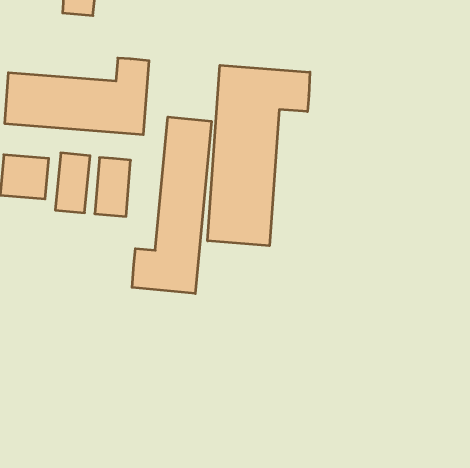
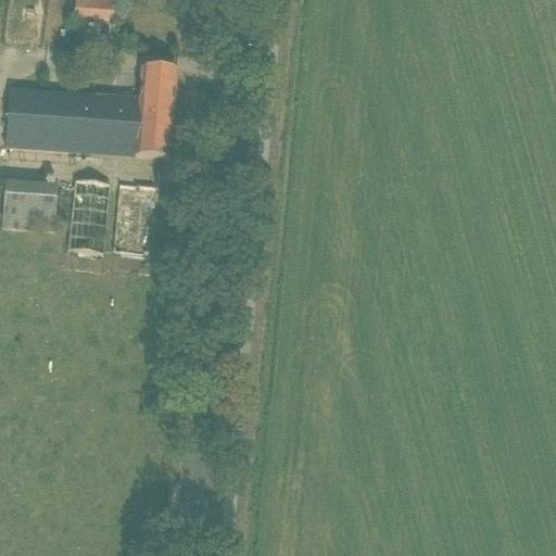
building: [208,65,310,246] -> none
building: [132,117,211,294] -> none

